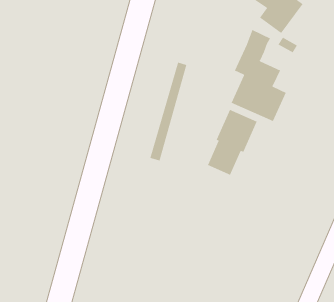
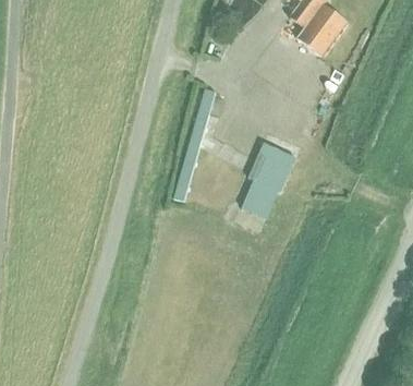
building: [231,29,286,122] -> none

